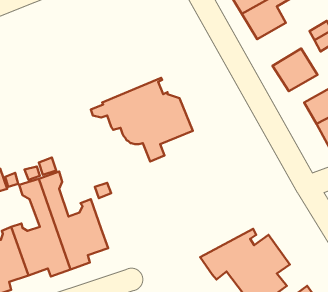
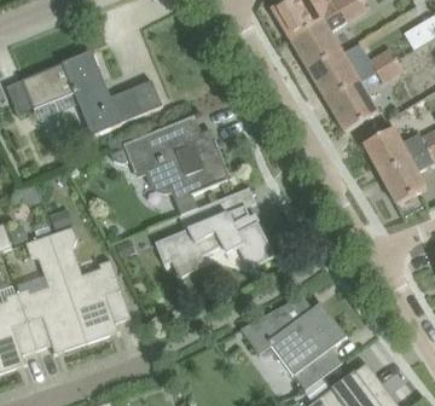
building: none -> [307,50,359,100]
building: none -> [22,51,162,135]
building: none -> [153,196,274,266]

